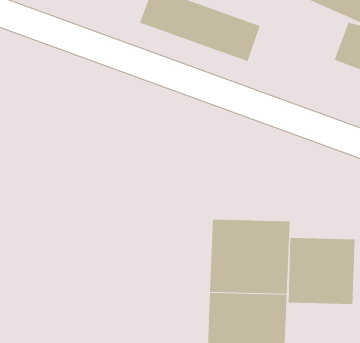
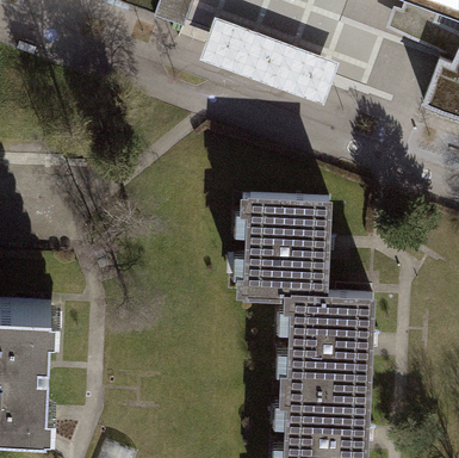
building: none -> [240,198,331,291]
building: [288,237,355,305] -> none

